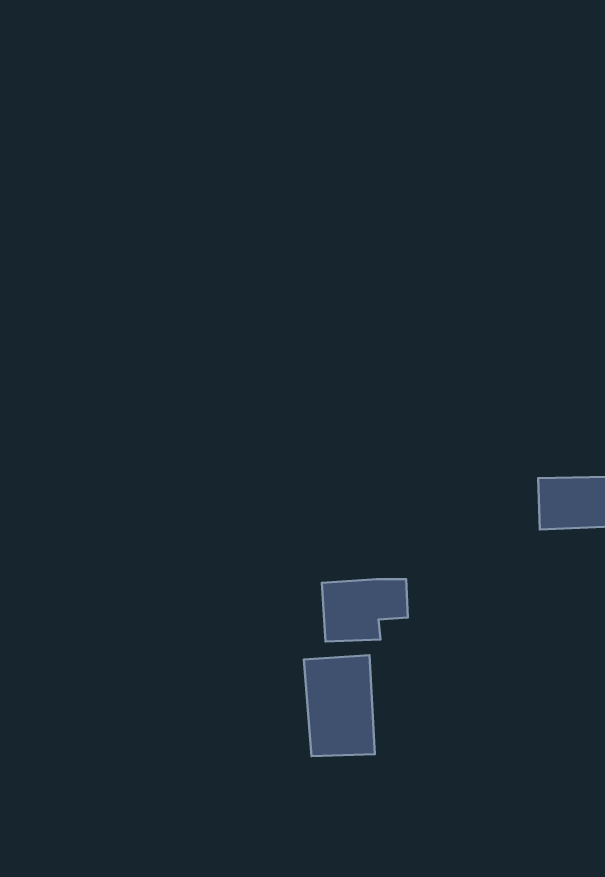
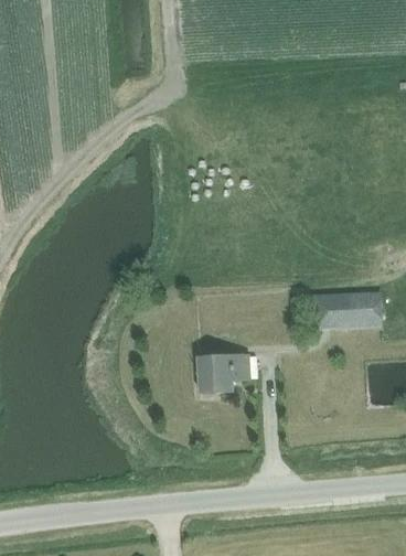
building: [304,655,375,756] -> none

